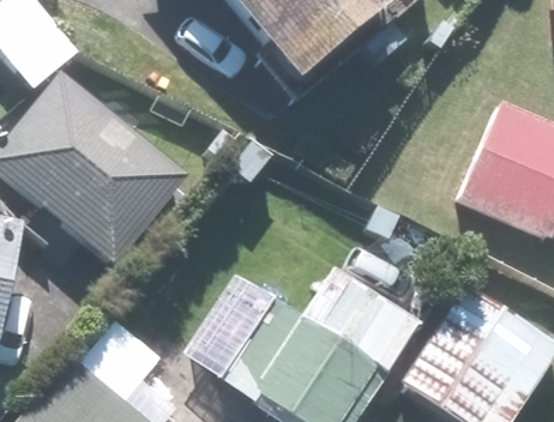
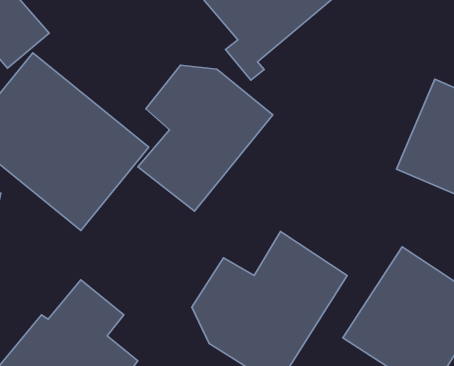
building: none -> [138,65,273,211]

